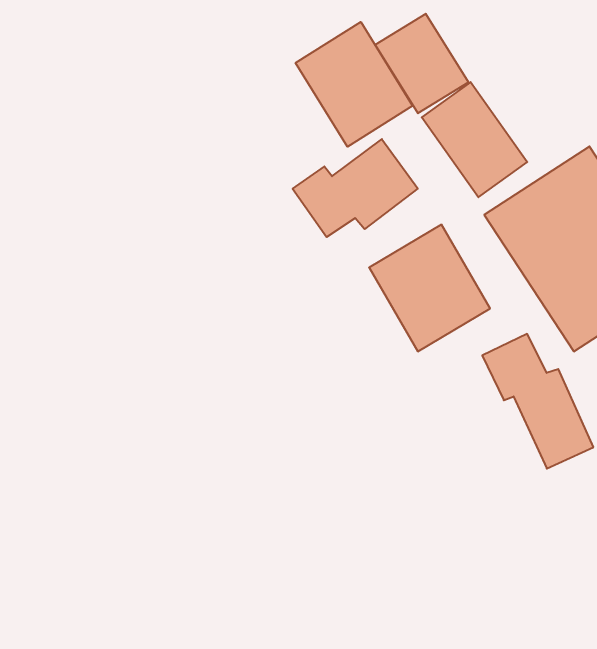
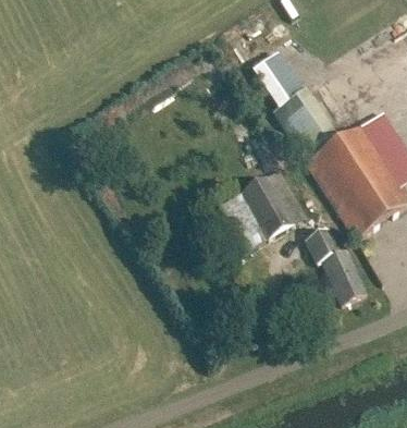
building: [296,22,413,147] -> none
building: [293,139,418,237] -> none

